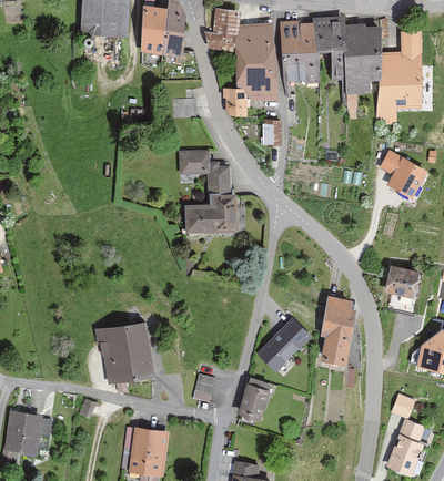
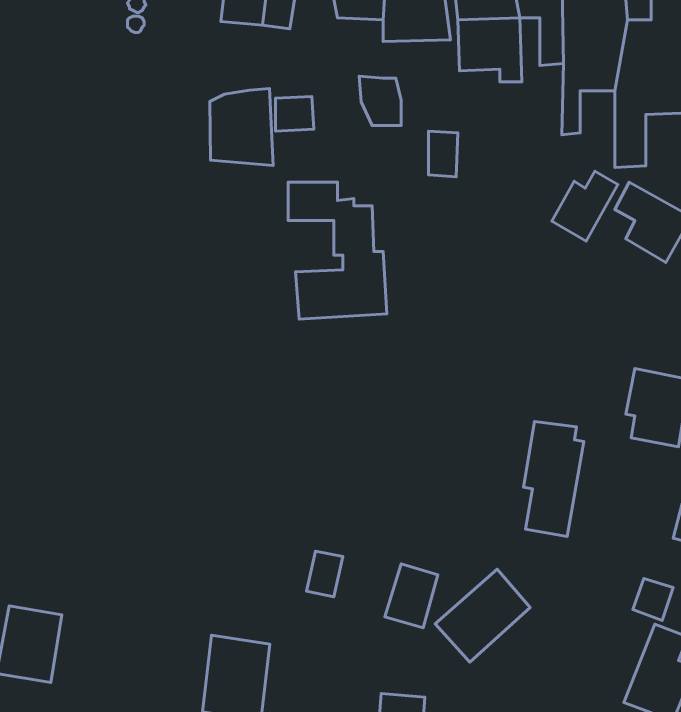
building: [236,64,279,102] -> none
building: none -> [210,88,273,165]
building: none -> [552,171,618,241]
building: [255,316,313,372] -> [435,569,530,662]
building: [93,321,154,383] -> none

